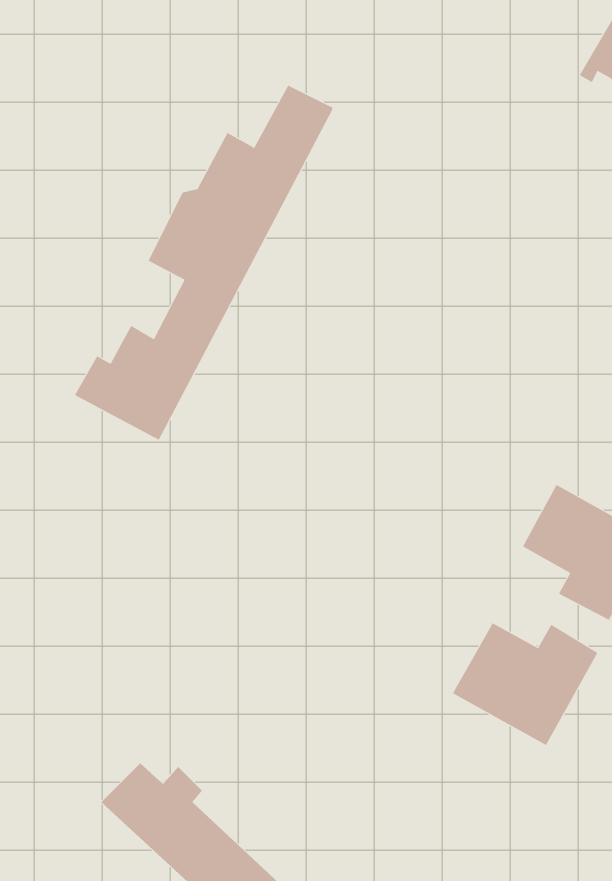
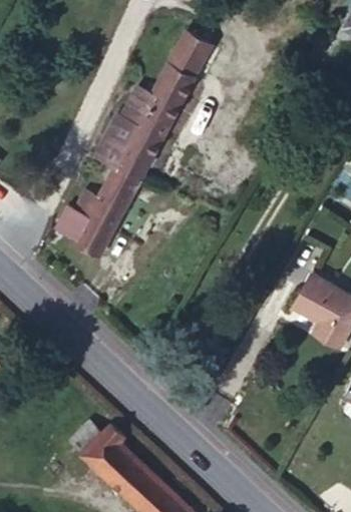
building: none -> [169,32,211,76]
building: [452,622,598,746] -> none

